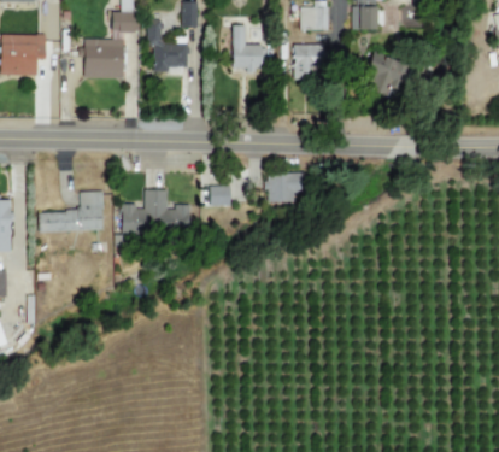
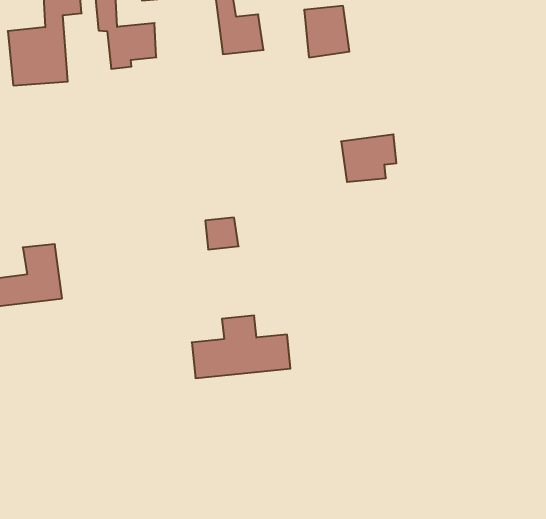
building: [363,53,405,98] -> none
building: [266,172,304,202] -> [341,134,396,182]
building: [122,190,189,230] -> [192,316,290,378]

